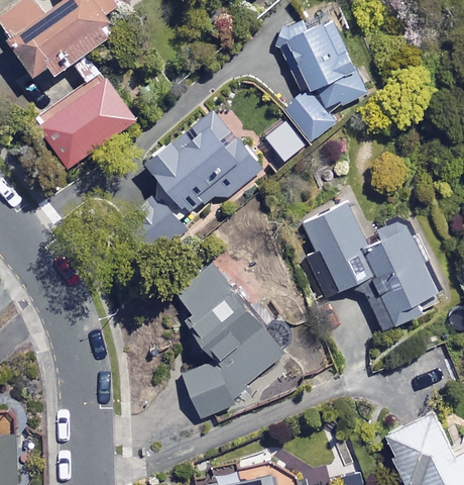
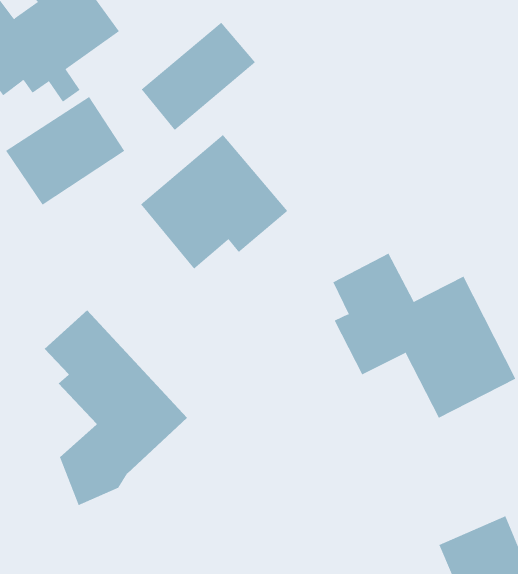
building: [270,9,379,143] -> none
building: none -> [141,22,256,131]
building: [172,262,286,417] -> [44,309,188,506]

